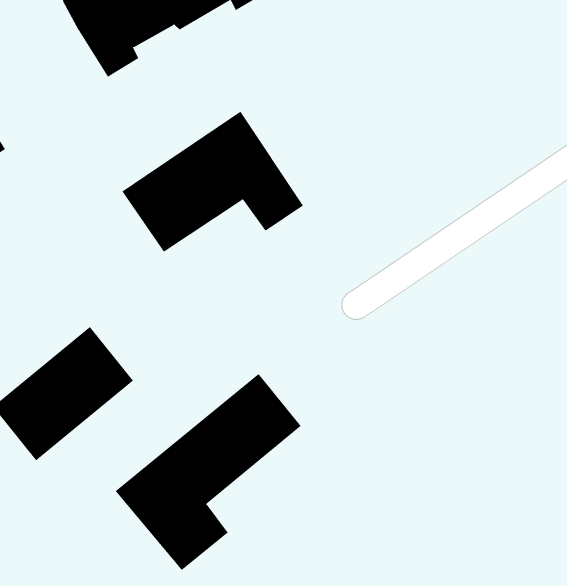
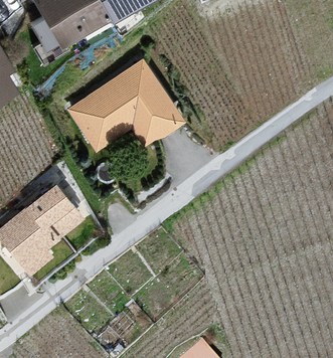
building: [115,373,301,571] -> none

